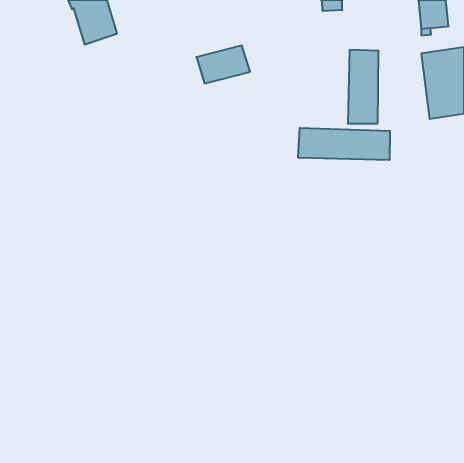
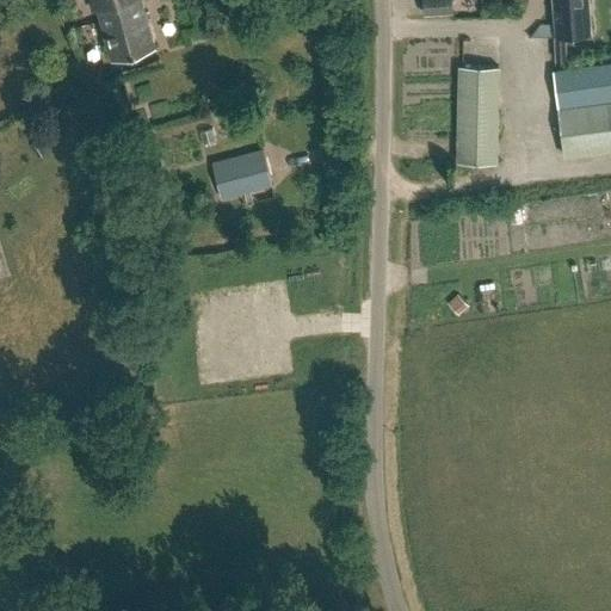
building: [196,45,250,83] -> [206,149,277,199]
building: [298,128,390,160] -> none

